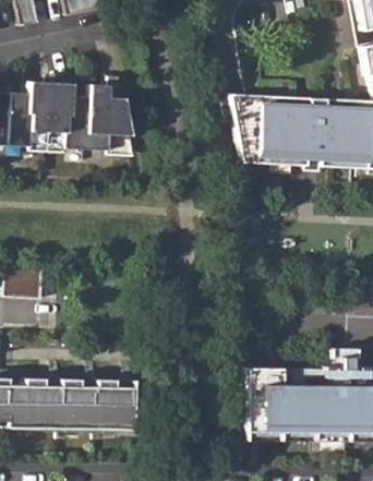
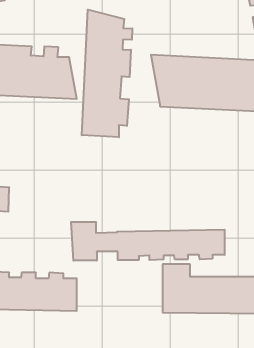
building: none -> [82,10,132,137]
building: none -> [71,222,225,261]

